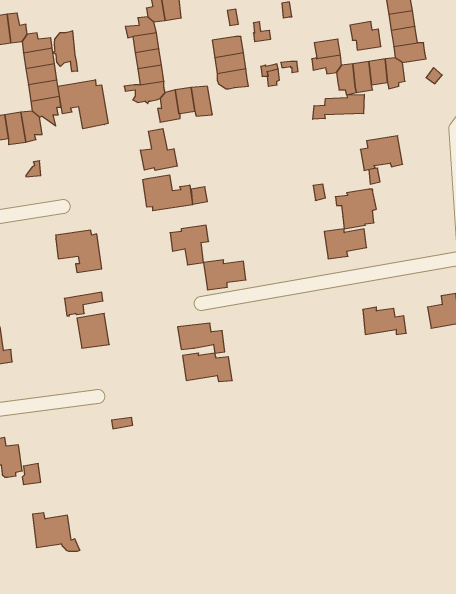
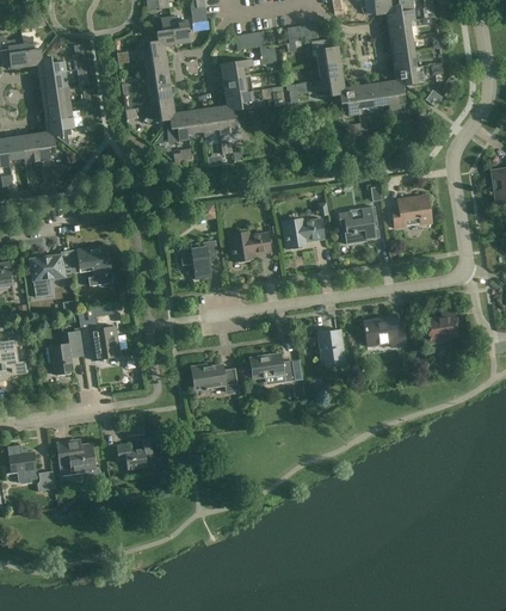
building: [350,22,381,50] -> [310,38,340,66]
building: [53,31,78,72] -> none
building: [58,80,108,129] -> none
building: none -> [215,105,239,138]
building: [313,94,364,119] -> none
building: [140,129,177,170] -> none
building: [360,136,403,170] -> [391,196,432,229]
building: [143,175,193,211] -> none
building: [324,229,367,259] -> [283,220,323,248]
building: none -> [30,254,72,297]
building: [204,260,246,290] -> [229,233,270,261]
building: none -> [316,329,345,363]
building: none -> [45,332,82,374]
building: [178,323,225,353] -> [249,353,295,382]
building: none -> [116,438,153,469]
building: [33,513,80,551] -> [57,442,103,479]

